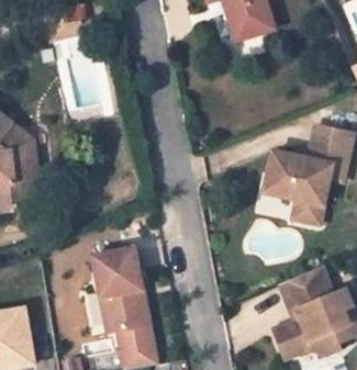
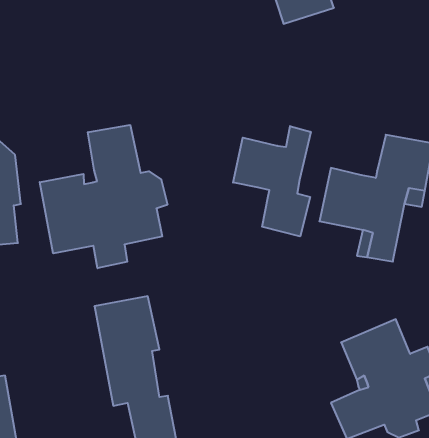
building: none -> [40,125,167,268]
building: none -> [233,126,311,236]

